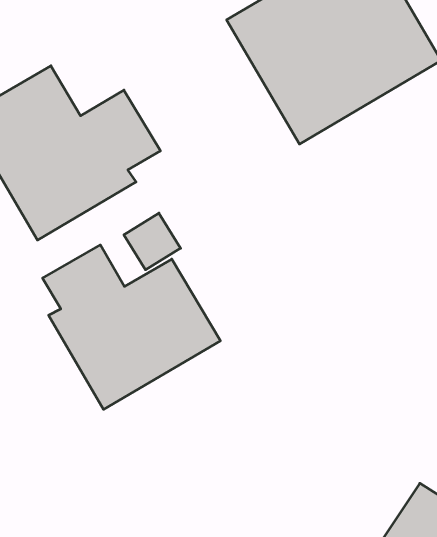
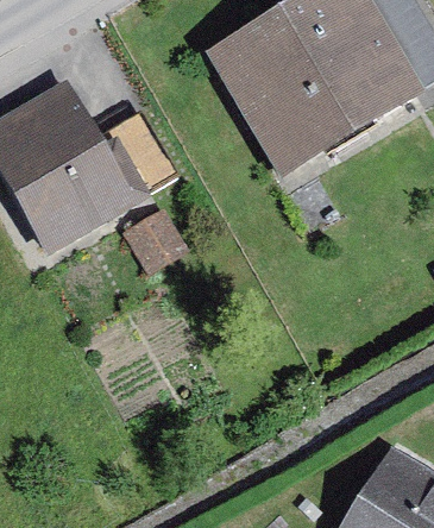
building: [43,245,220,409] -> none

